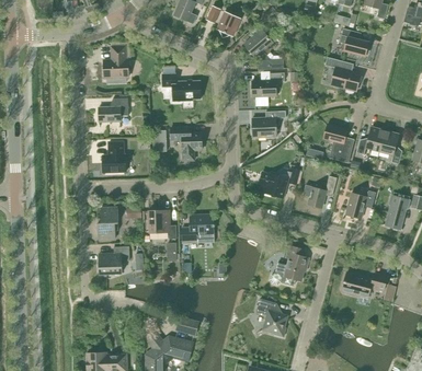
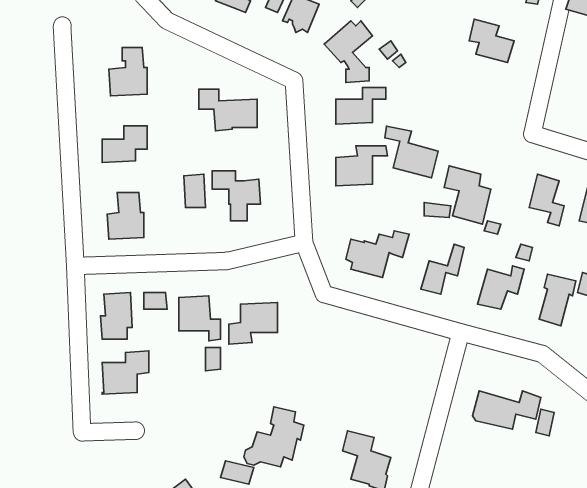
building: [326,57,361,91] -> [385,126,438,178]
building: [356,126,385,153] -> none
building: [270,245,309,285] -> [244,407,304,467]

